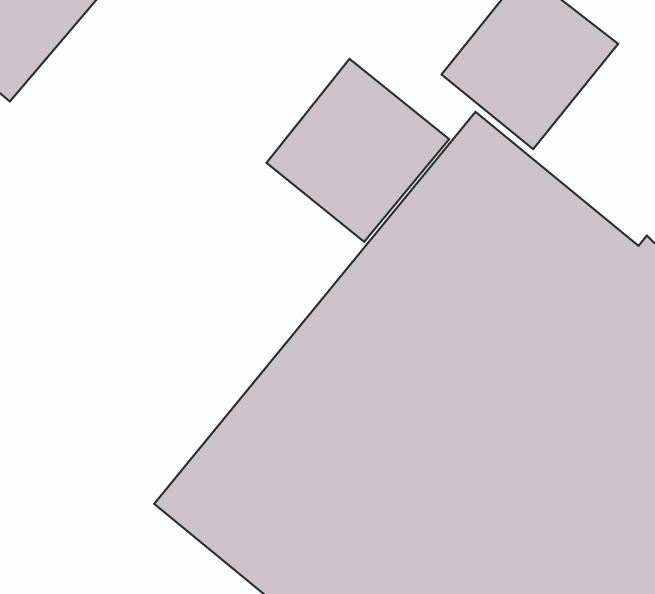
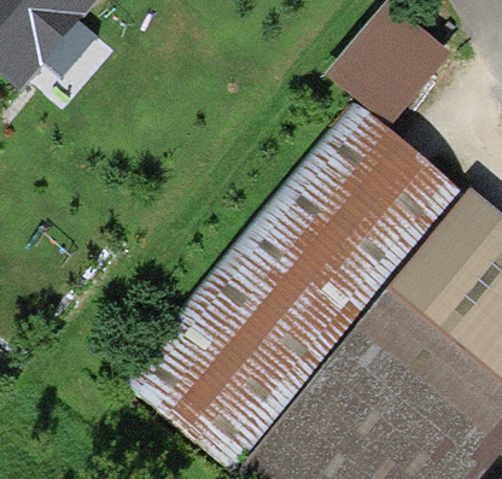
building: [266,59,449,242] -> none

